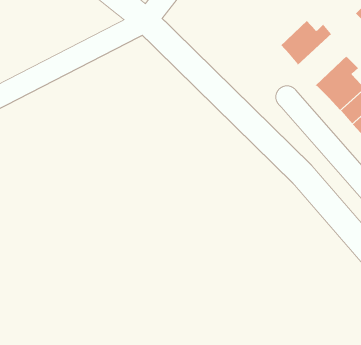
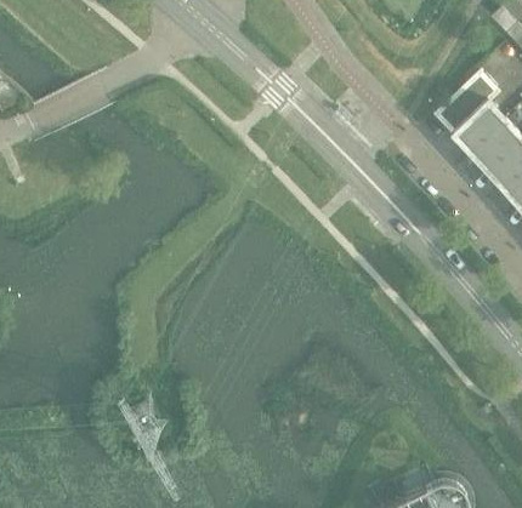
building: [279,20,333,66] -> none

